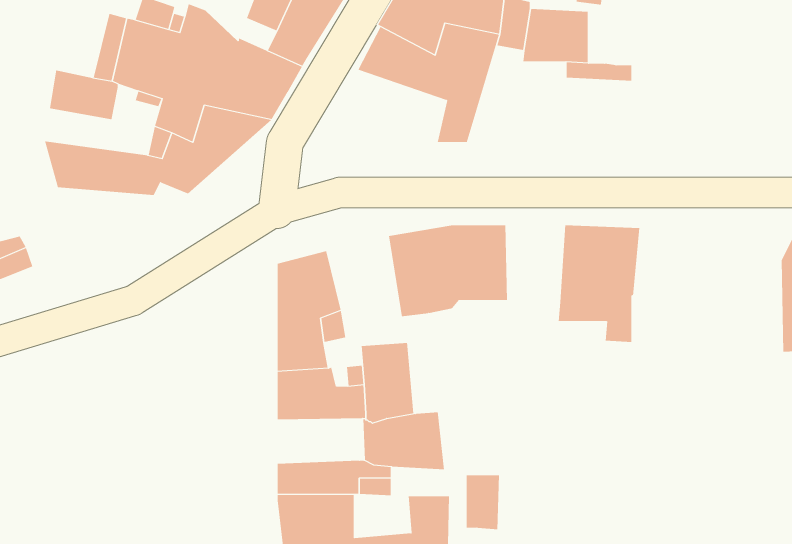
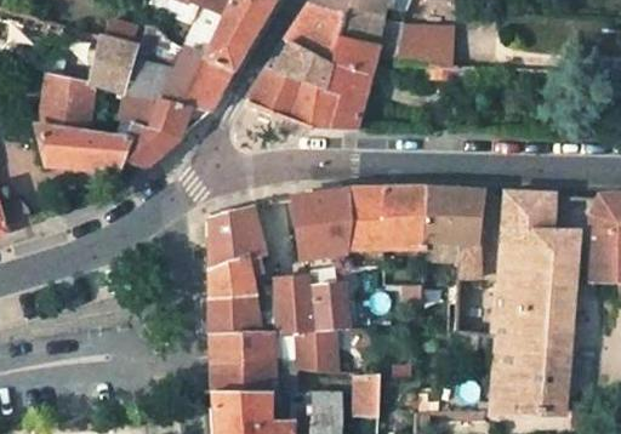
building: none -> [247,69,340,126]
building: none -> [38,101,89,131]
building: none -> [384,188,428,246]
building: none -> [491,192,576,411]
building: none -> [314,267,347,330]
building: none -> [212,333,278,367]

